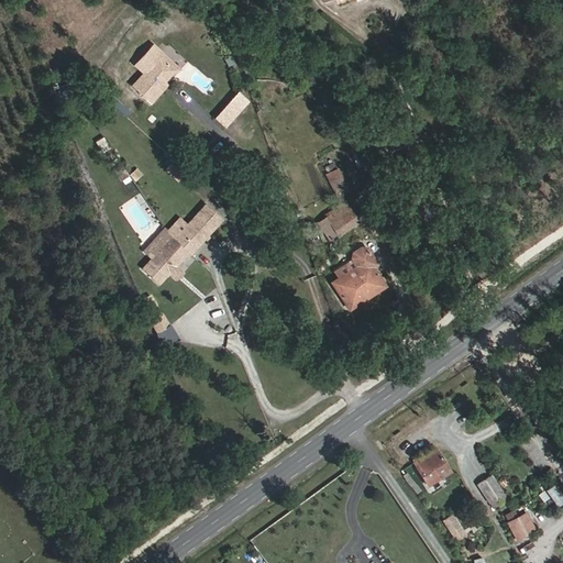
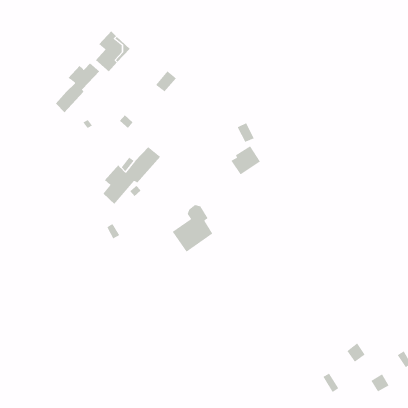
building: none -> [55,63,100,113]
building: [330,246,387,312] -> [172,205,213,253]
building: [416,451,453,487] -> none

